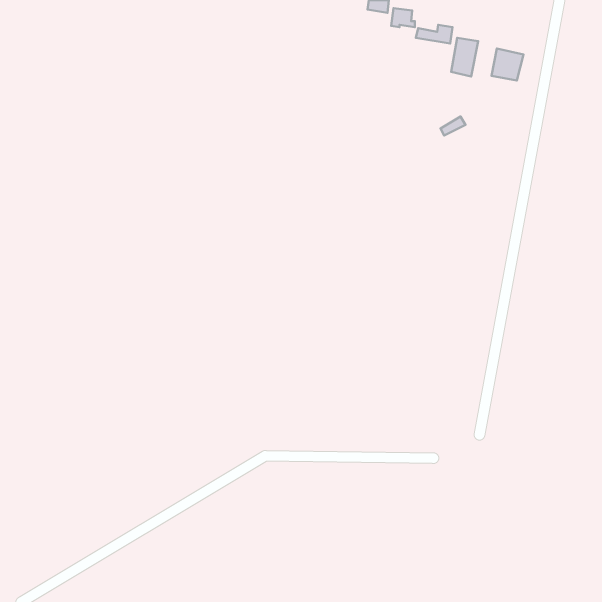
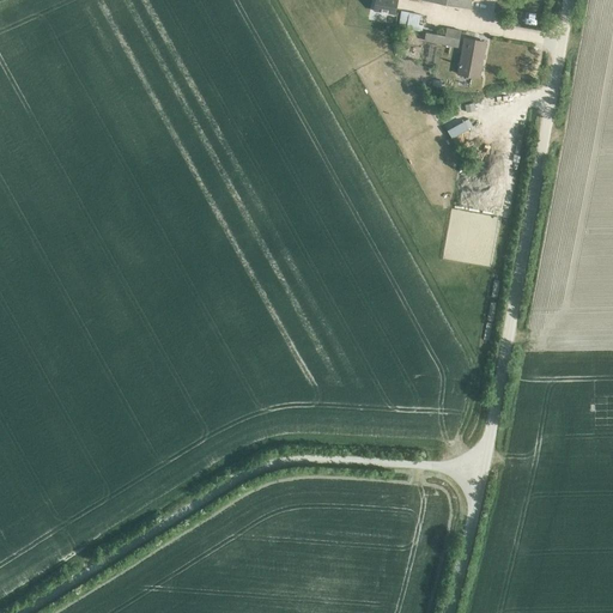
building: [491,49,523,81] -> none

